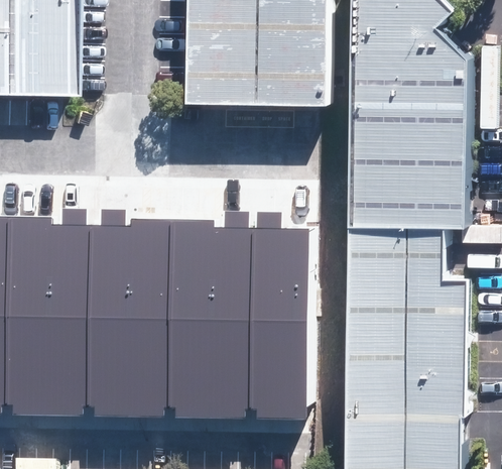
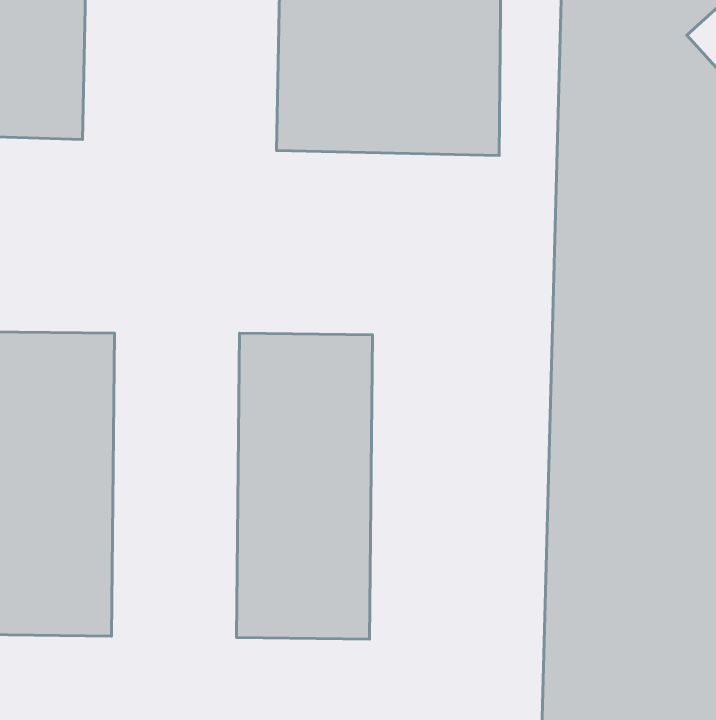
building: [78,224,158,416] -> none
building: [240,225,300,417] -> none

